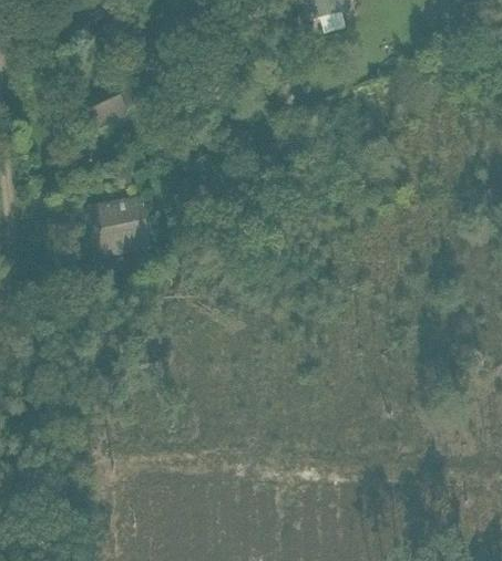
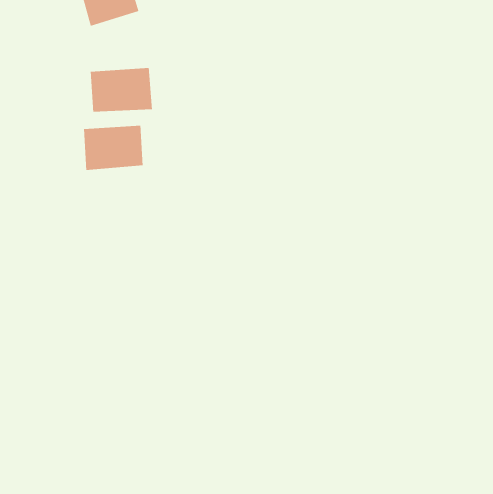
building: none -> [90,67,153,112]

